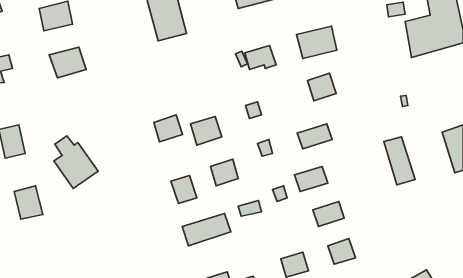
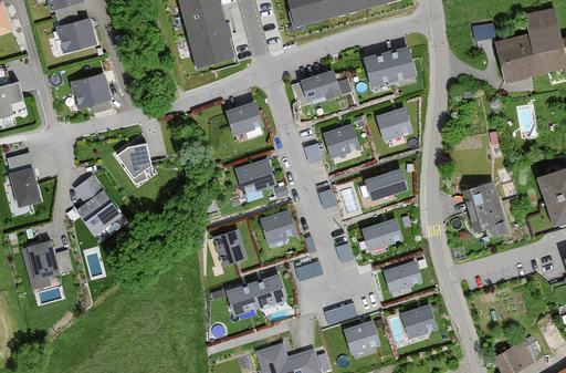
building: none -> [325,123,359,154]
building: none -> [117,144,151,179]
building: [154,115,183,142] -> [229,102,263,134]

